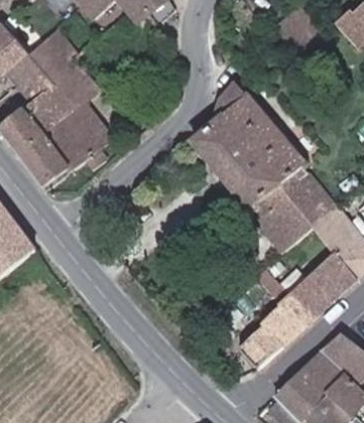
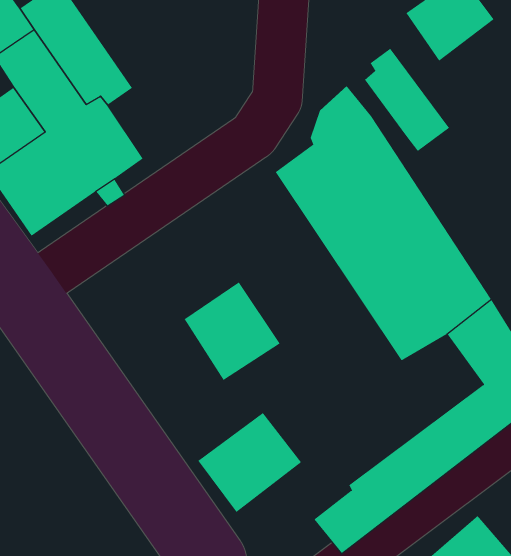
building: none -> [364,48,450,152]
building: none -> [184,282,281,381]
building: none -> [198,412,302,513]

